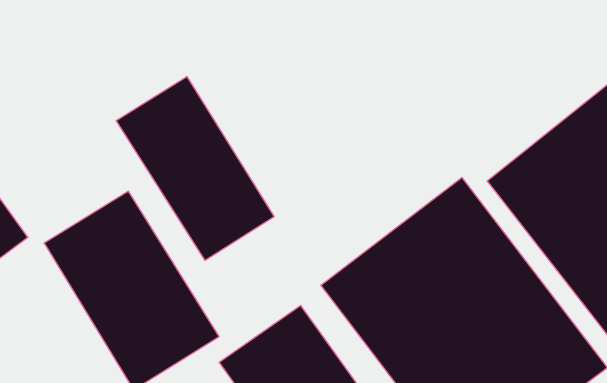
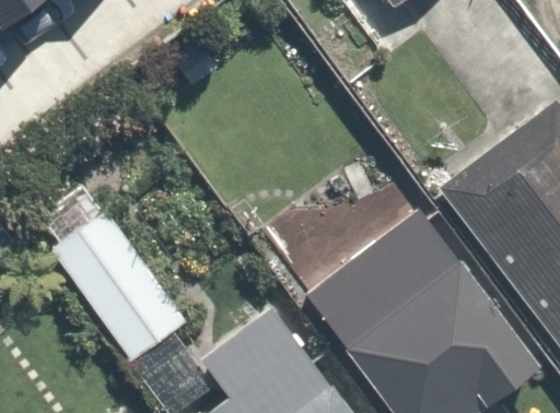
building: [116,76,274,260] -> none

